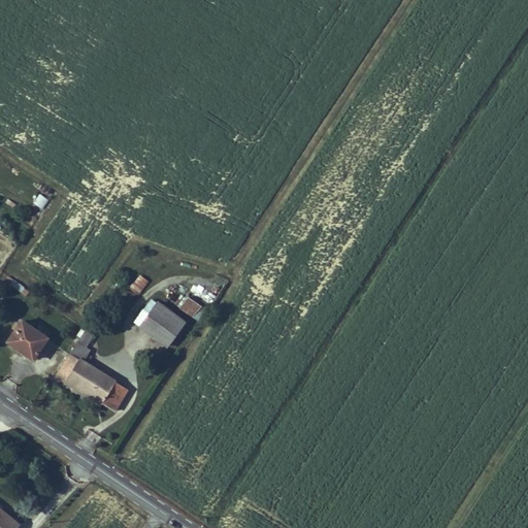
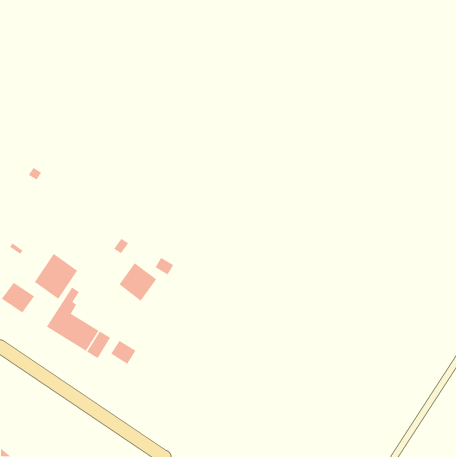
building: none -> [34,253,78,300]
building: none -> [110,340,137,365]

